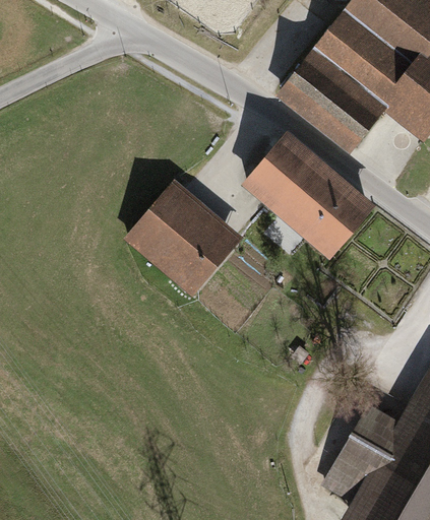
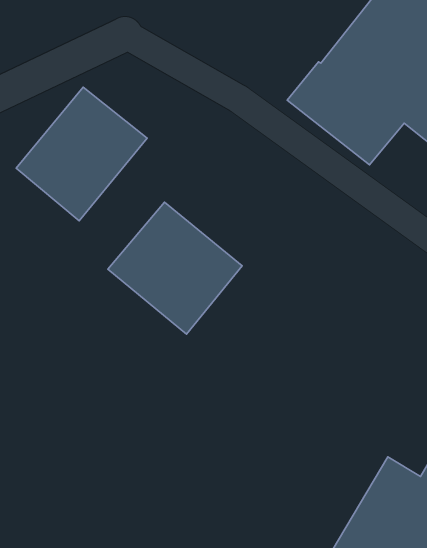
building: none -> [16,87,147,221]
building: [247,138,368,253] -> none

